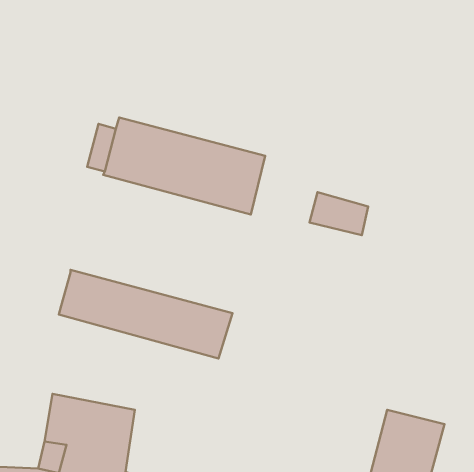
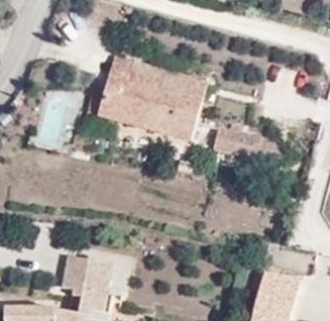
building: none -> [94,60,193,108]
building: [59,270,232,358] -> none

